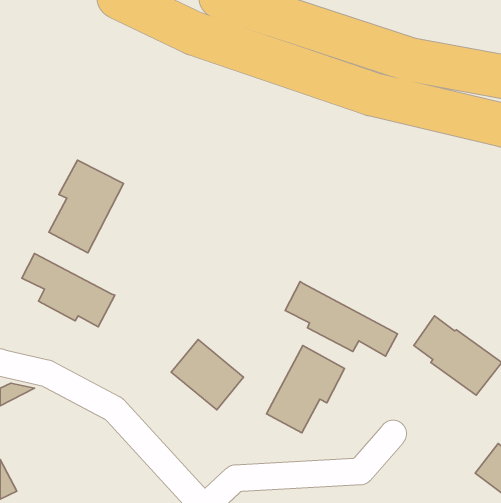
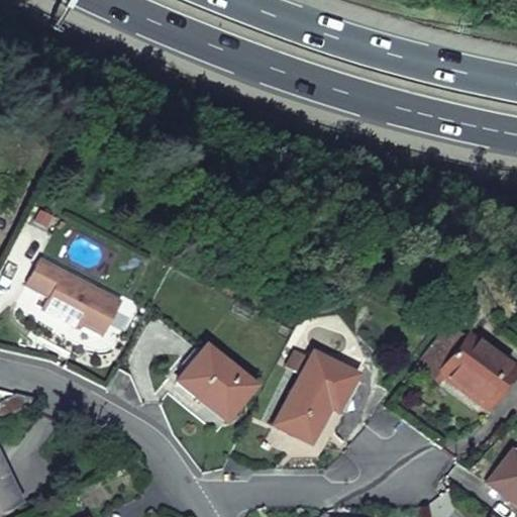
building: [49,160,124,253] -> none
building: [285,281,398,356] -> none

